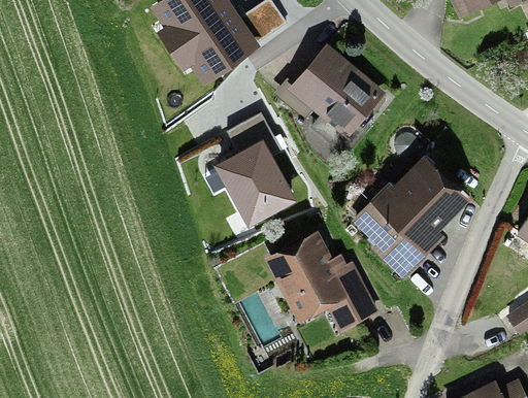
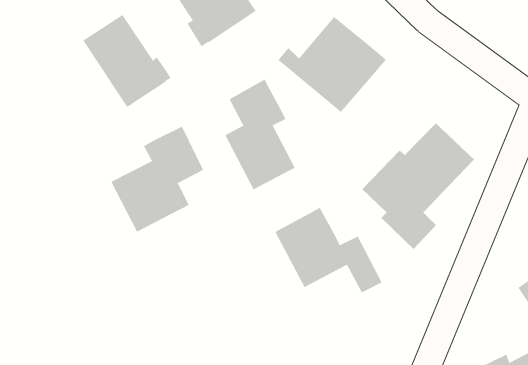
building: none -> [82,14,171,108]
building: none -> [111,126,204,233]

